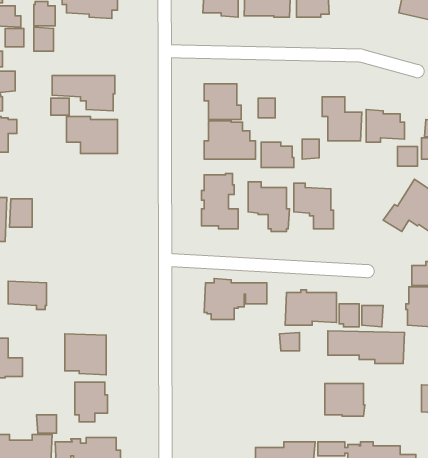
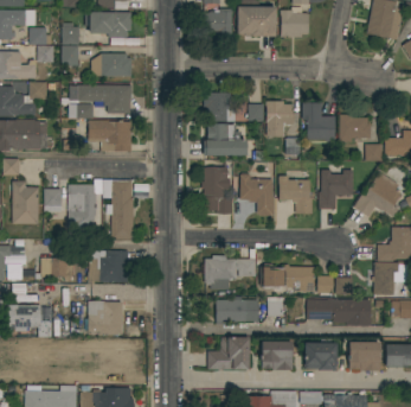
building: none -> [91,53,131,76]
building: [261,142,294,168] -> [266,101,294,122]
building: none -> [319,170,353,209]
building: none -> [103,179,134,240]
building: none -> [68,185,96,225]
building: none -> [88,250,129,282]
building: none -> [216,300,250,322]
building: none -> [207,337,250,370]
building: none -> [262,342,293,370]
building: none -> [349,342,380,370]

